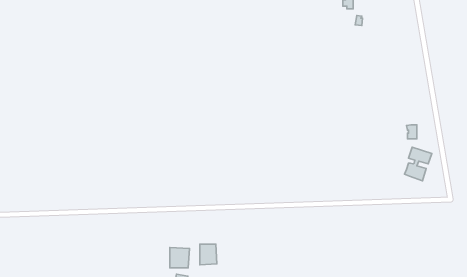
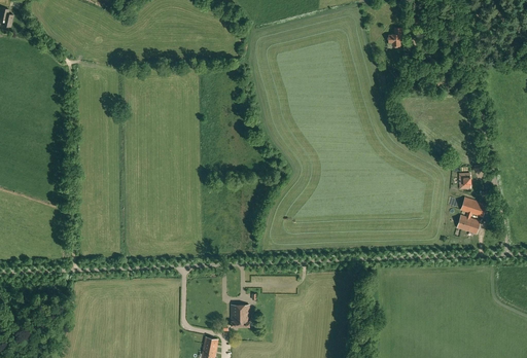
building: [170,248,189,268] -> none

